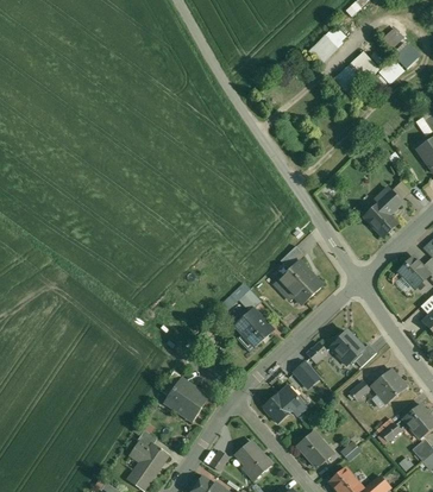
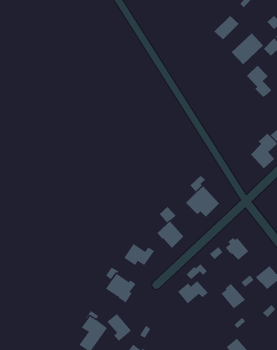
building: none -> [246,65,272,98]
building: none -> [124,243,155,266]
building: [297,431,333,467] -> [220,283,246,309]
building: [236,441,270,480] -> [107,313,132,342]

